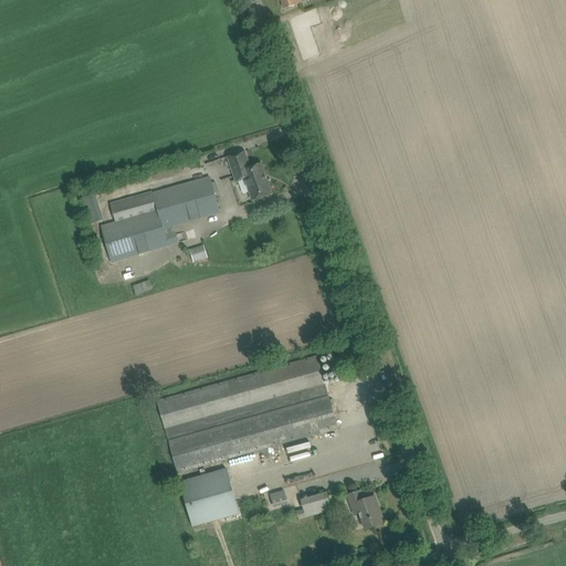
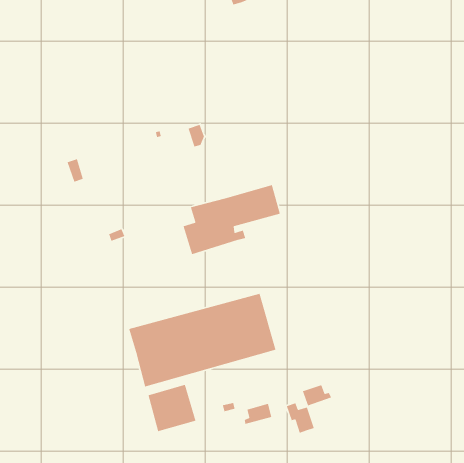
building: [244,161,271,198] -> none
building: [99,175,219,261] -> [183,184,281,255]
building: none -> [302,384,332,407]

